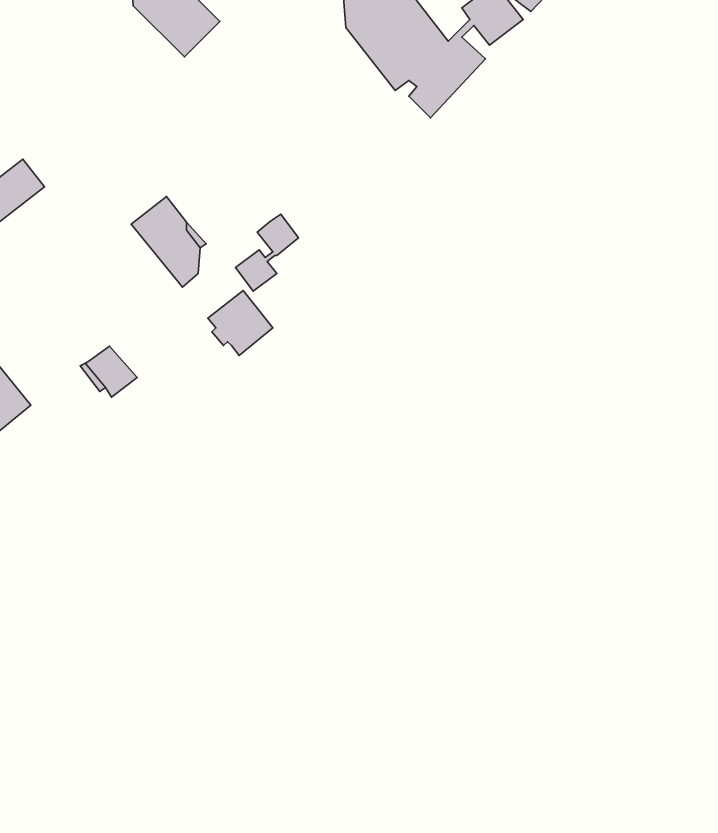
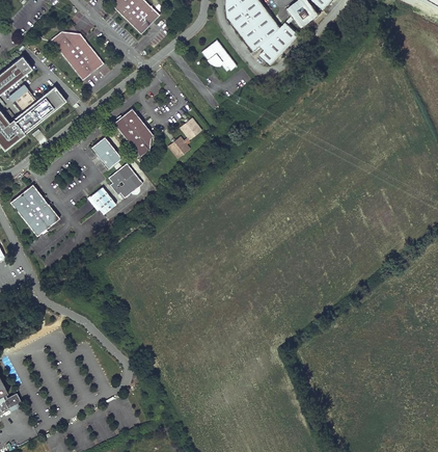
building: none -> [51,31,104,81]
building: none -> [202,39,238,72]
building: none -> [91,136,121,168]
building: [208,291,273,355] -> [108,163,142,197]

